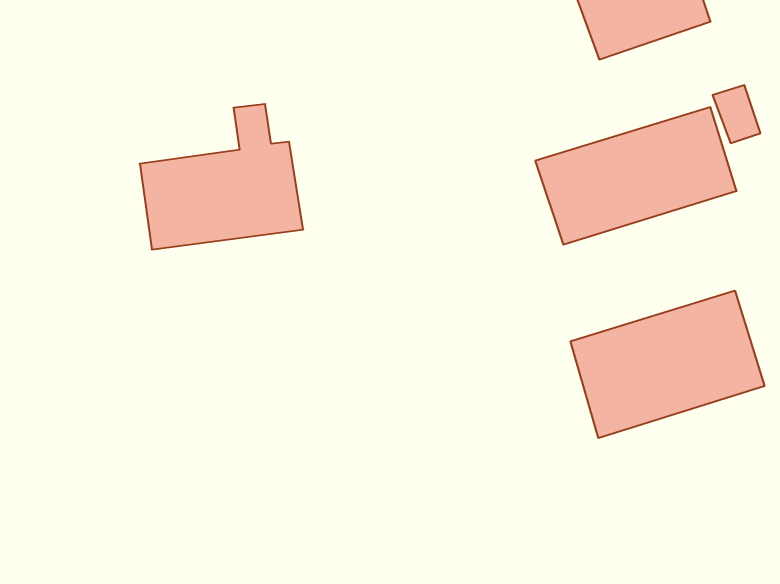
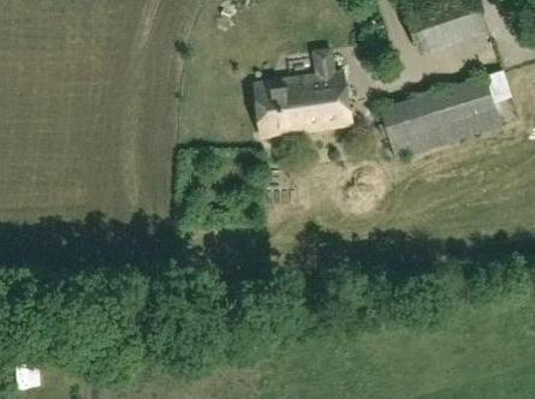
building: [140,104,303,249] -> [254,48,352,136]
building: [571,291,764,438] -> none

